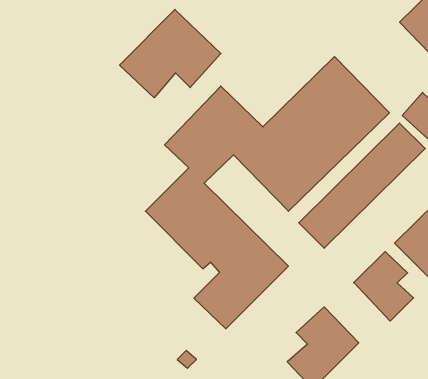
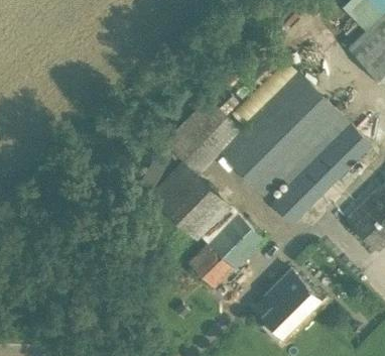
building: [120,9,221,98] -> none
building: [354,252,414,321] -> none

